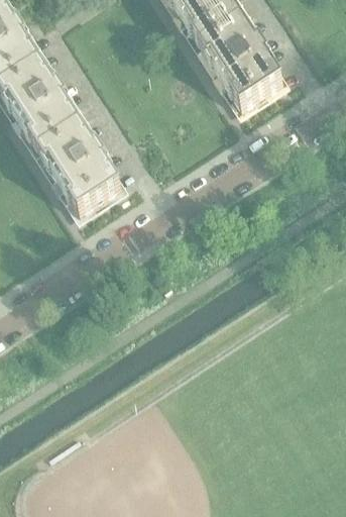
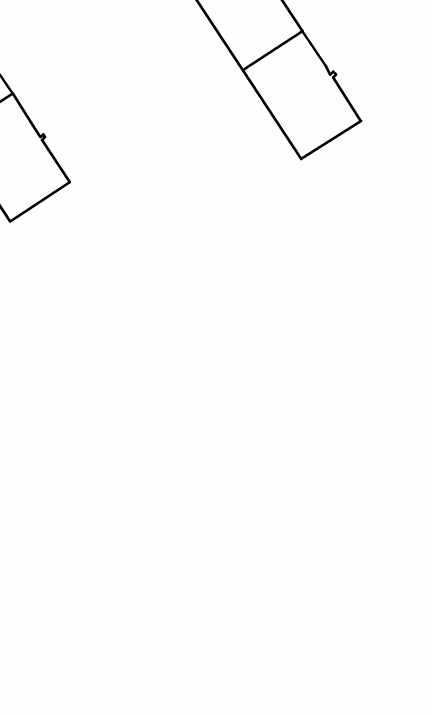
building: [41,127,123,216] -> none

